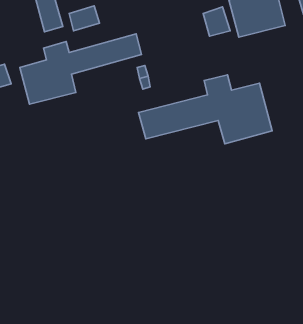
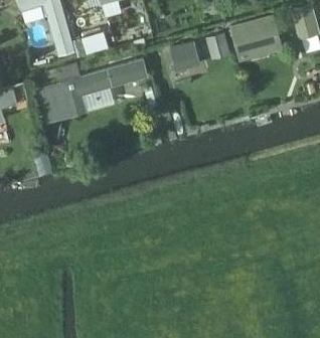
building: none -> [168,41,200,72]
building: [139,75,272,144] -> none

